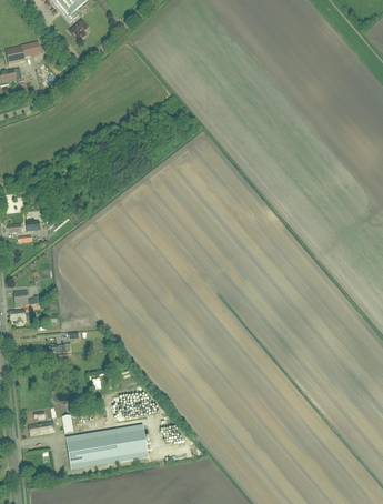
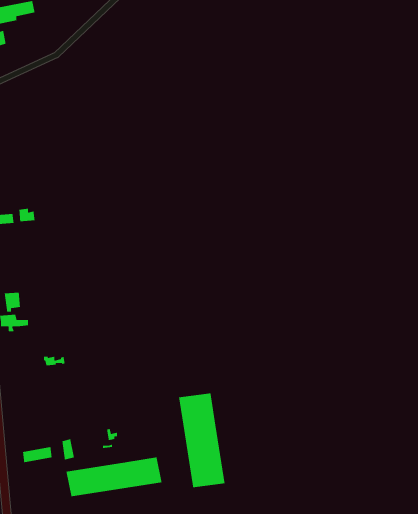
building: none -> [178,393,226,488]

